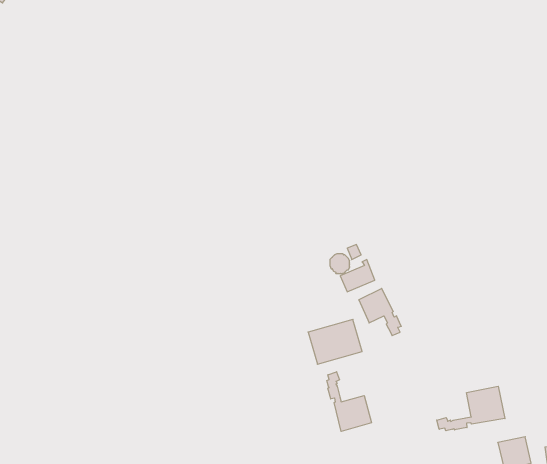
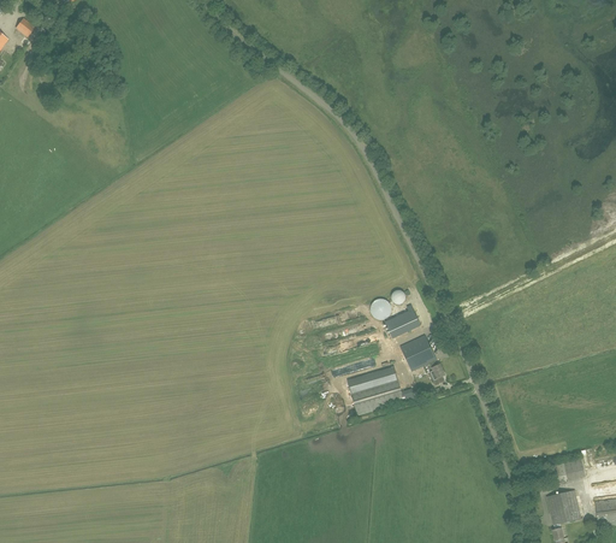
building: [327,372,371,431] -> none
building: [437,386,505,431] -> none

